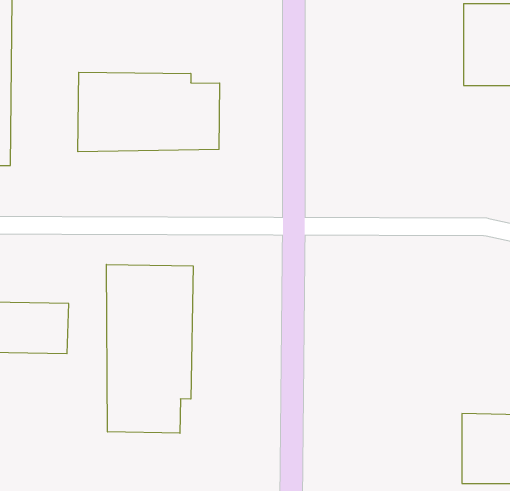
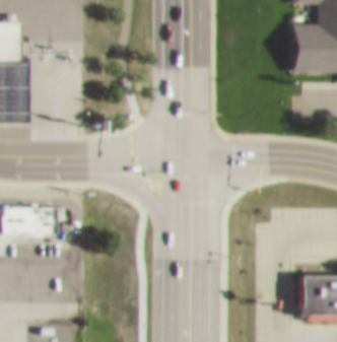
building: [78,72,220,152] -> none
building: [106,264,193,433] -> none

